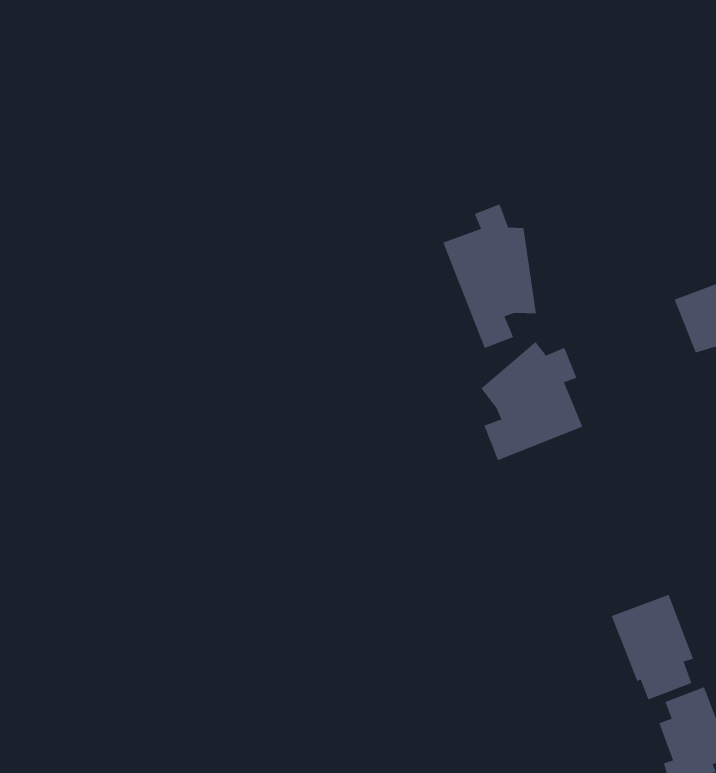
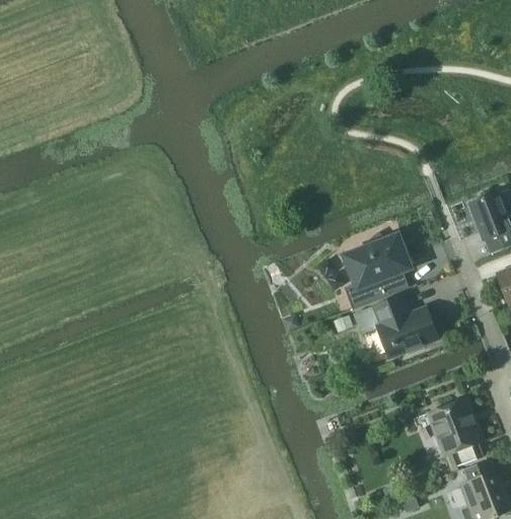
building: [443,204,536,349] -> none
building: none -> [375,296,437,357]

